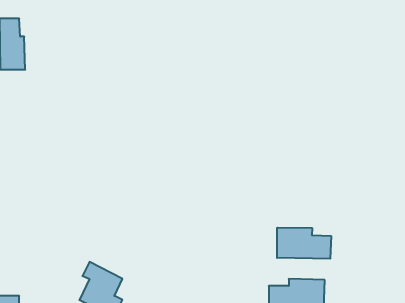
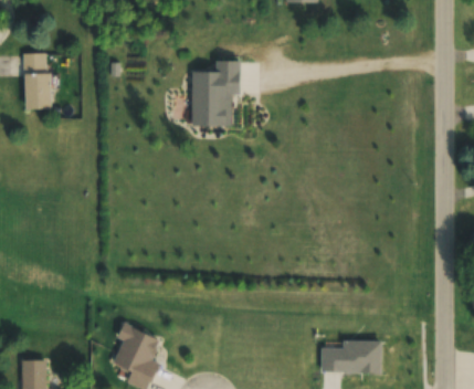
building: none -> [191,60,241,124]
building: [277,228,331,259] -> none

